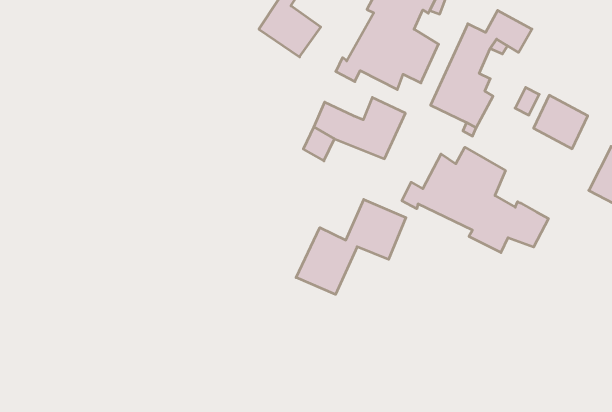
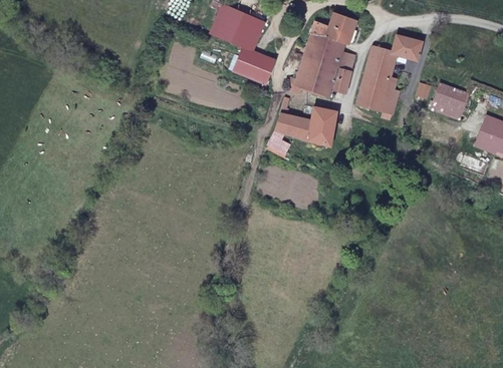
building: [402,147,548,253] -> none
building: [296,199,406,294] -> none

